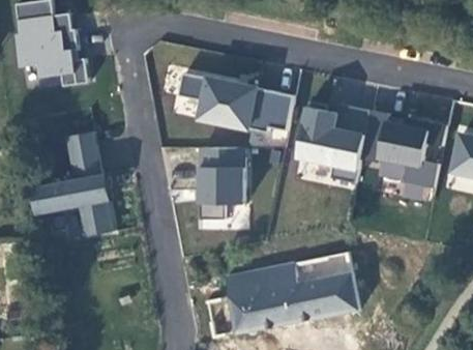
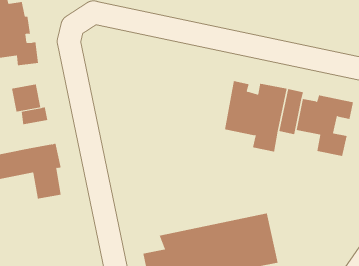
building: [177,74,293,133] -> none
building: [67,147,101,179] -> [11,84,41,112]
building: [199,148,244,220] -> none

